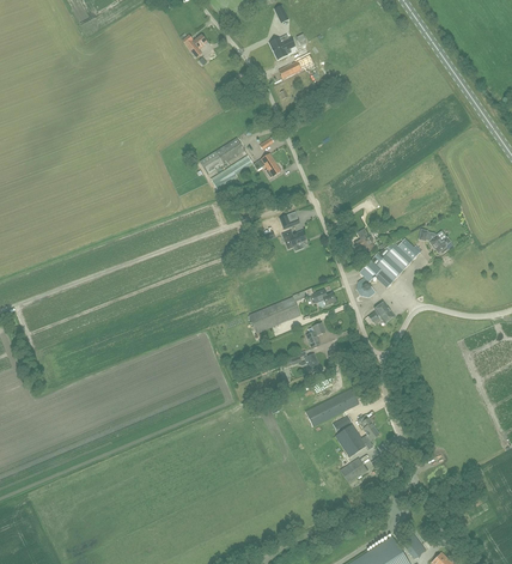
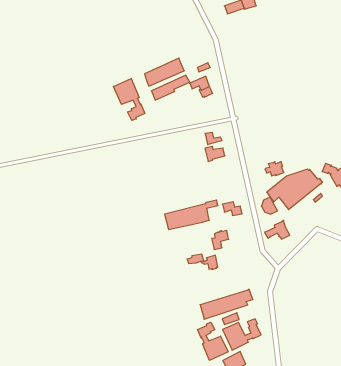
building: none -> [113,78,145,120]
building: none -> [198,322,228,360]

